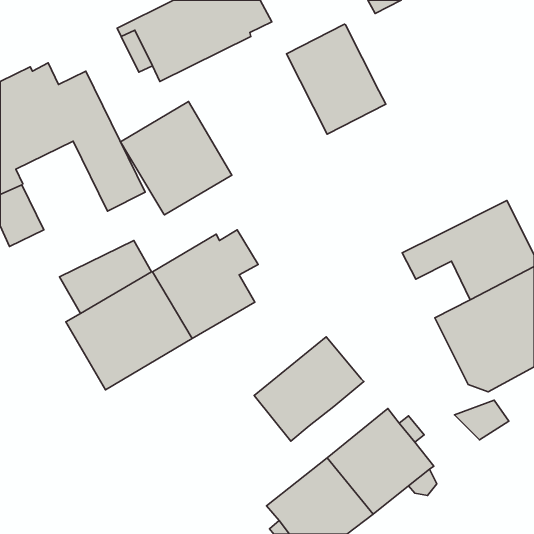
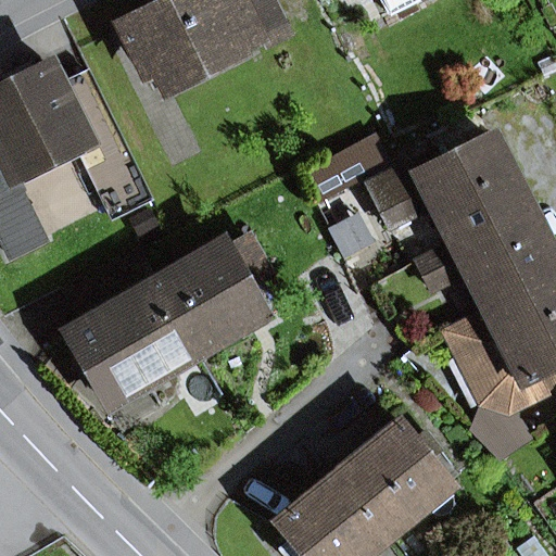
building: [286,24,386,134] -> none
building: [120,101,232,215] -> none
building: none -> [367,140,527,244]
building: [254,337,364,441] -> none

